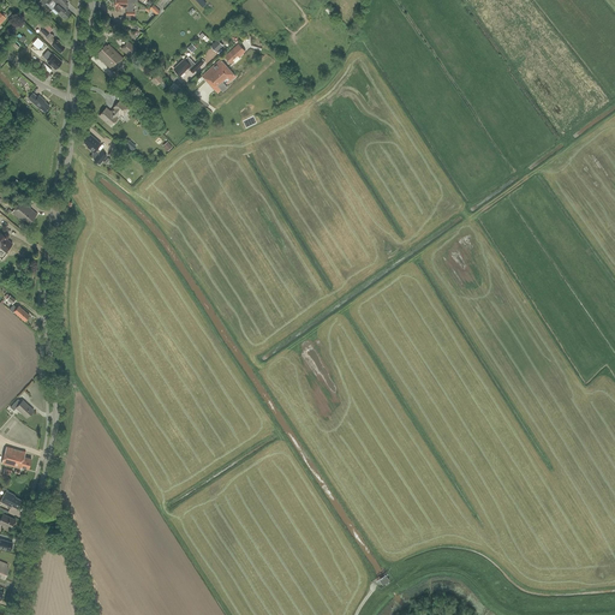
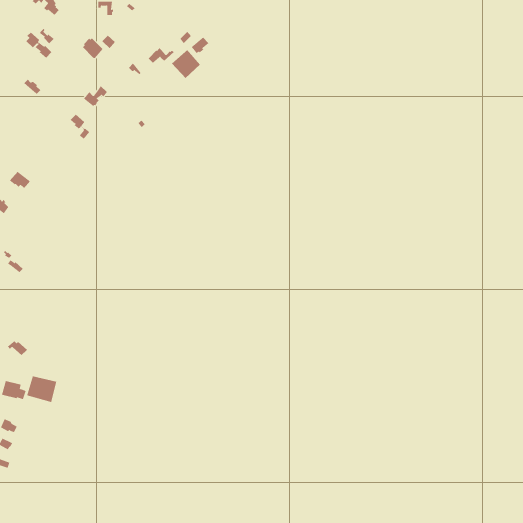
building: none -> [27,375,57,403]

